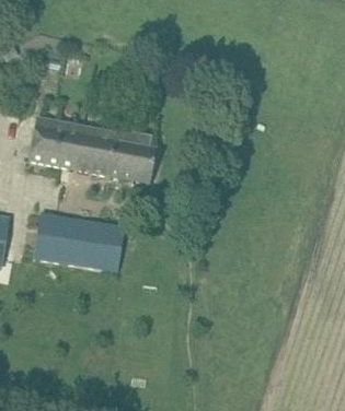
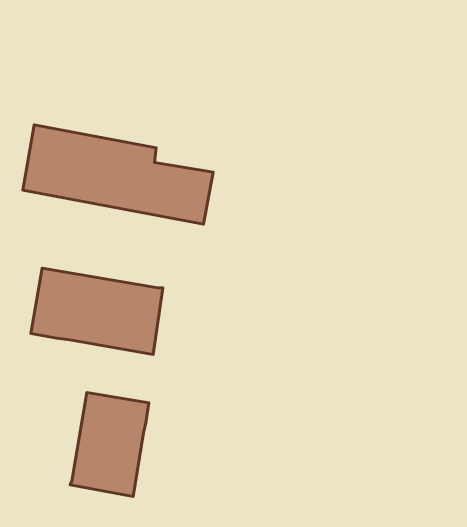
building: none -> [70,393,149,497]

